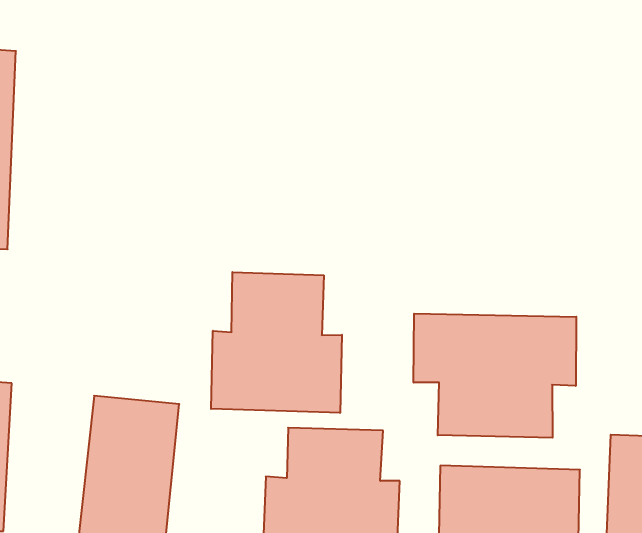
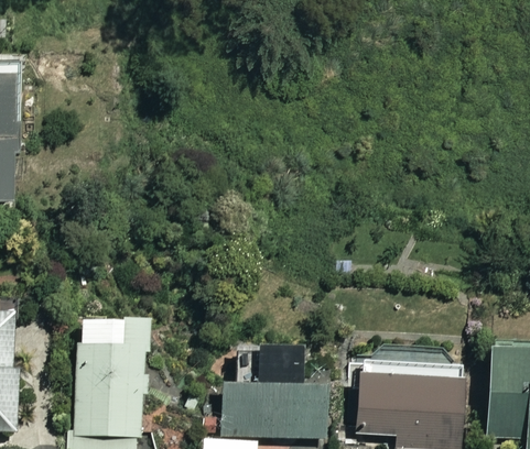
building: [211,272,342,413] -> none
building: [414,314,576,438] -> none

